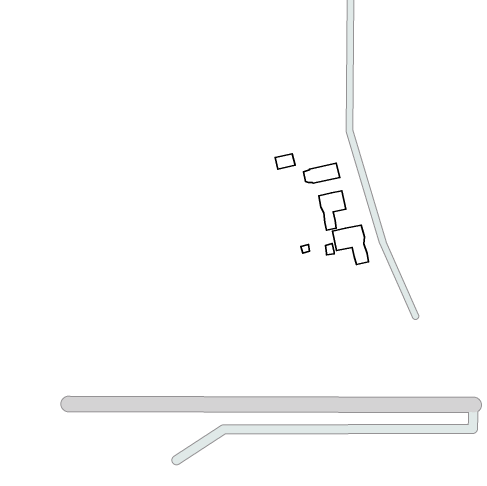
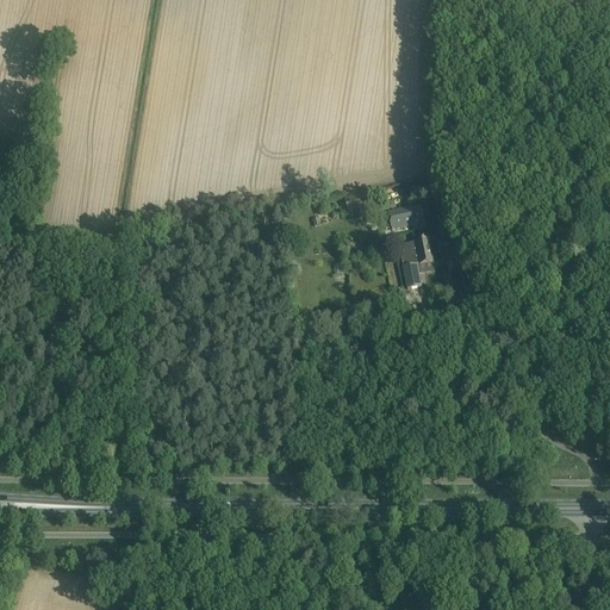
building: [333,225,368,264] -> none

